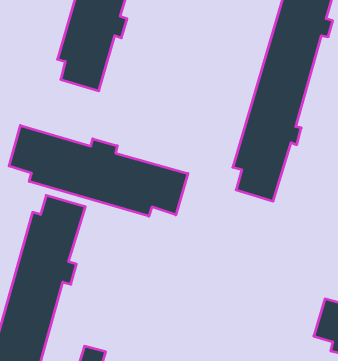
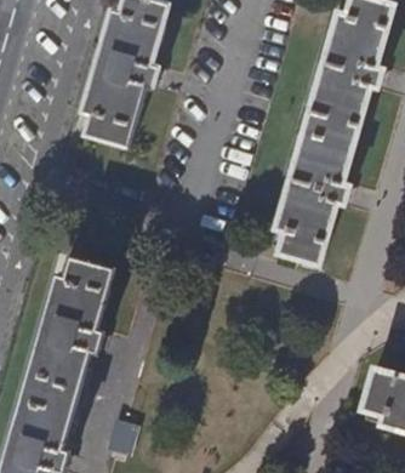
building: [9,125,188,216] -> none

